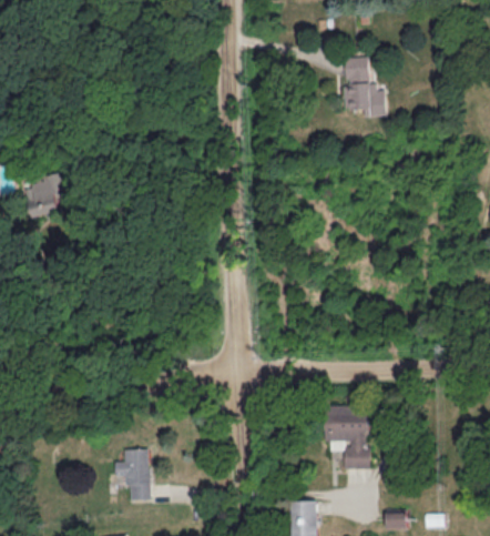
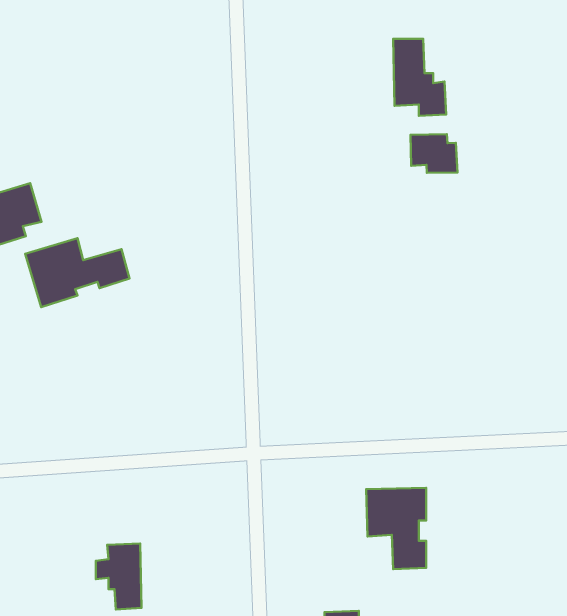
building: none -> [410,134,457,173]
building: none -> [25,238,130,307]

